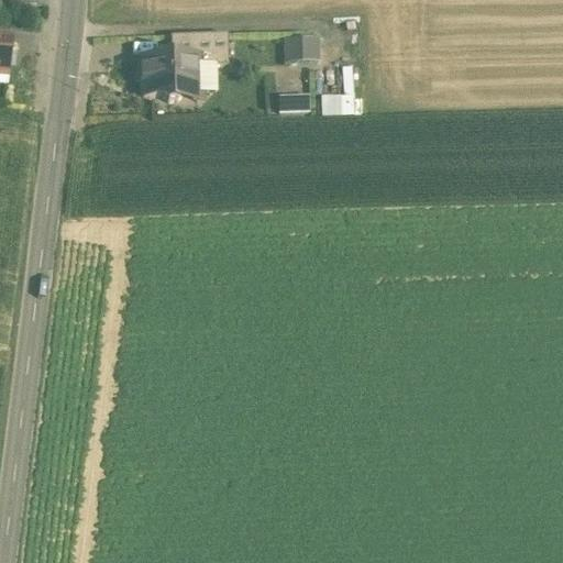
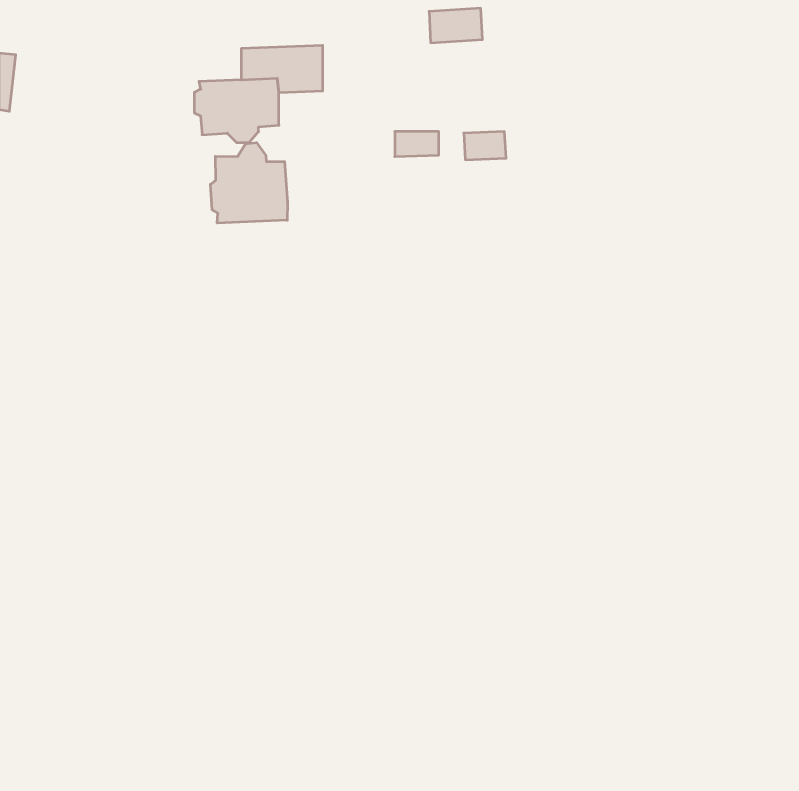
building: [280,37,318,62] -> [429,8,482,43]
building: none -> [210,143,287,223]

